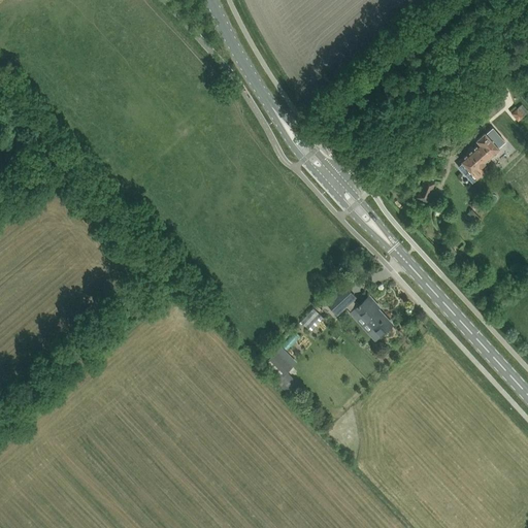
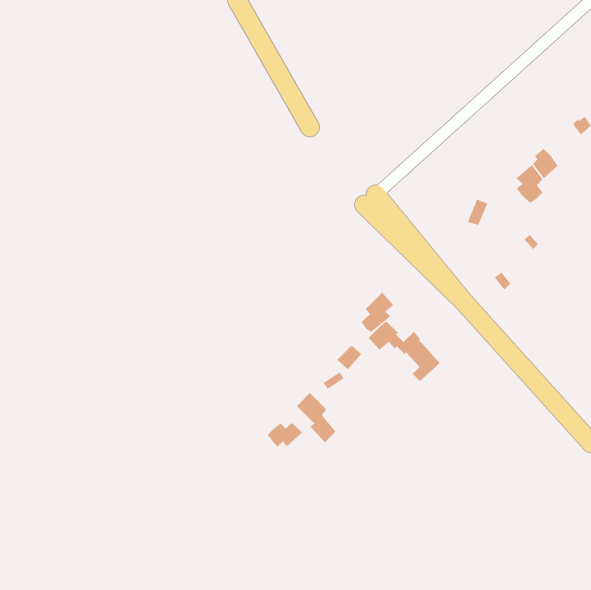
building: none -> [361,292,394,333]
building: none -> [267,422,303,447]

